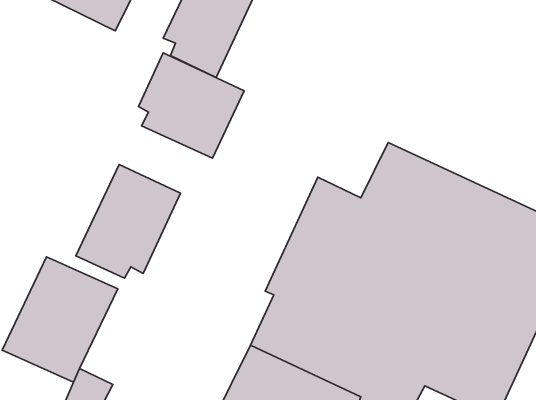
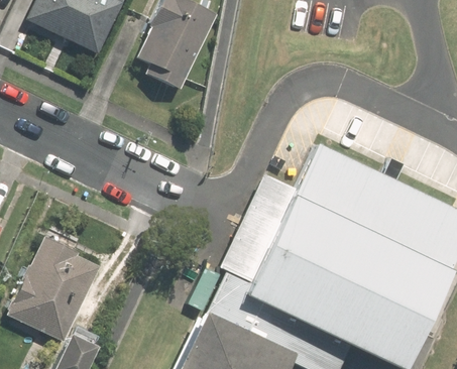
building: [139,53,244,158] -> none
building: [76,164,180,278] -> none

